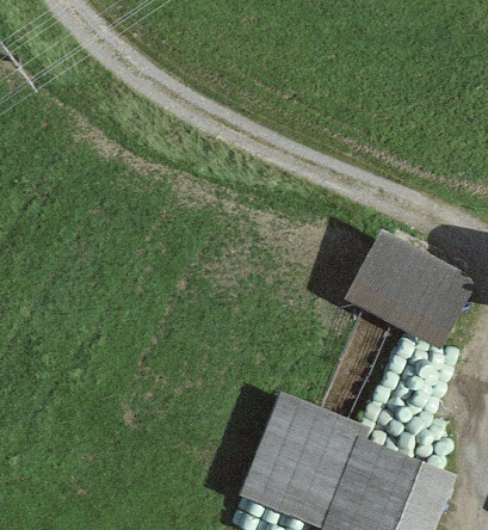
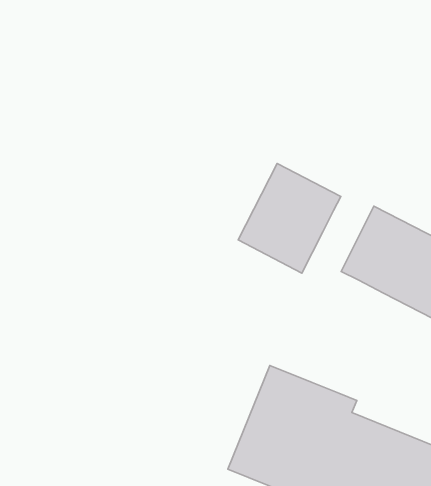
building: none -> [238,163,341,273]

